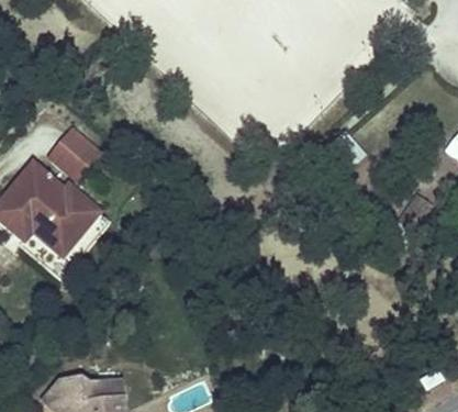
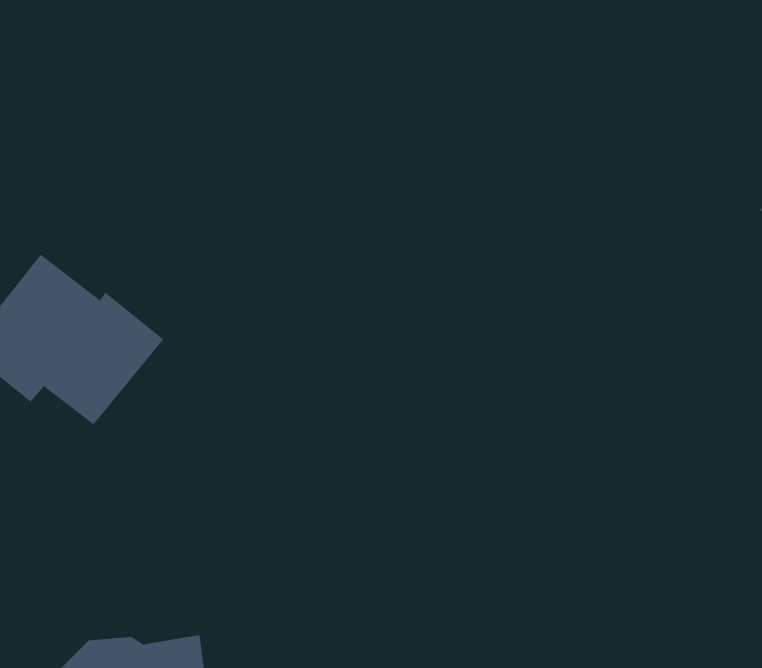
building: [47,125,101,178] -> none

